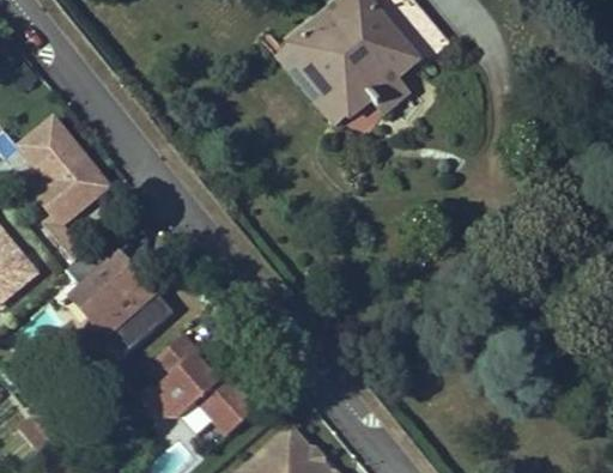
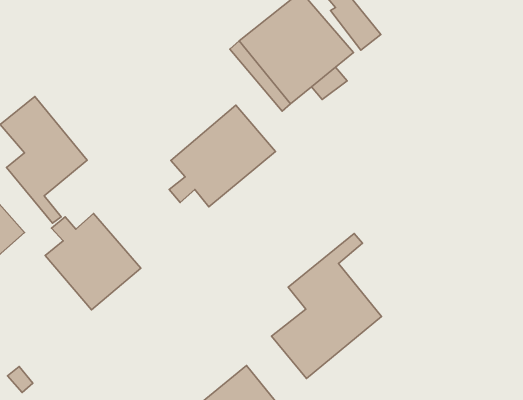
building: none -> [169,105,275,207]
building: none -> [272,234,382,378]
building: [141,329,255,435] -> none

